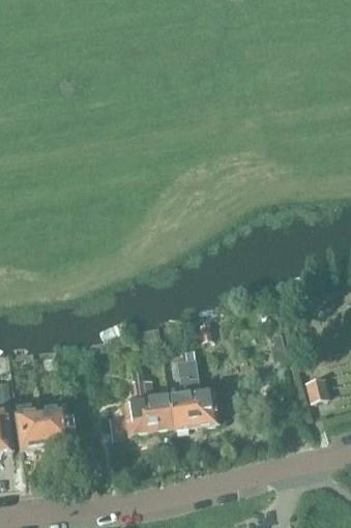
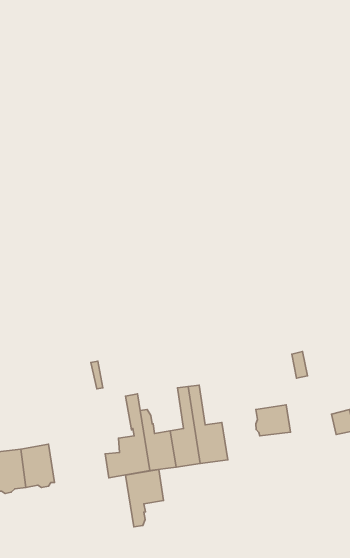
building: none -> [256,405,291,436]
building: none -> [126,469,164,527]

